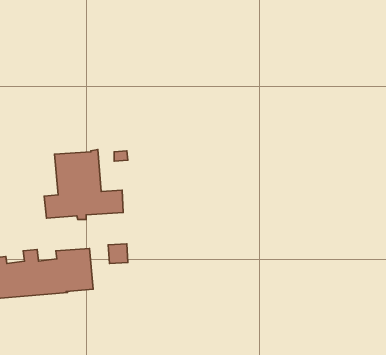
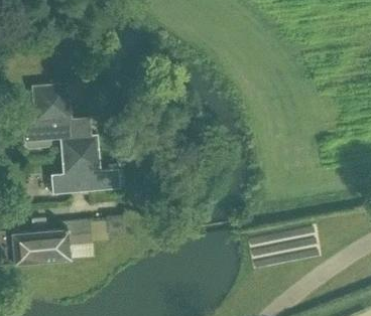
building: none -> [22,83,91,149]

